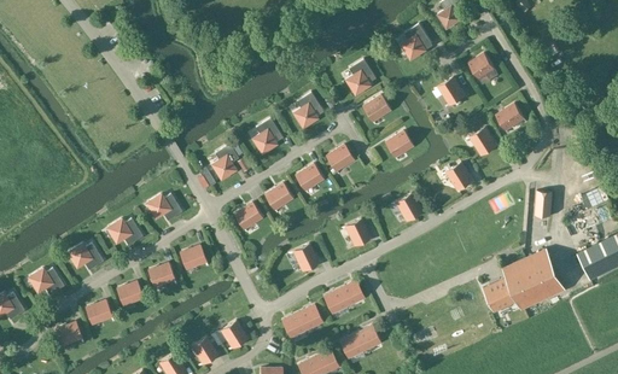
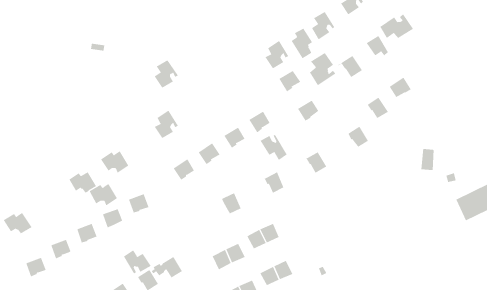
building: none -> [379,13,414,39]
building: none -> [291,28,313,59]
building: none -> [309,52,336,86]
building: [293,92,322,128] -> none
building: [252,118,282,153] -> [154,59,179,88]
building: none -> [260,134,288,161]
building: [68,242,103,270] -> [89,183,118,206]
building: [485,249,565,311] -> none
building: none -> [123,249,151,274]

